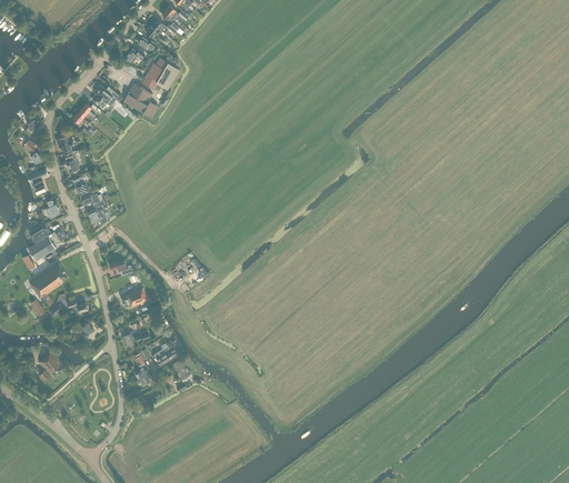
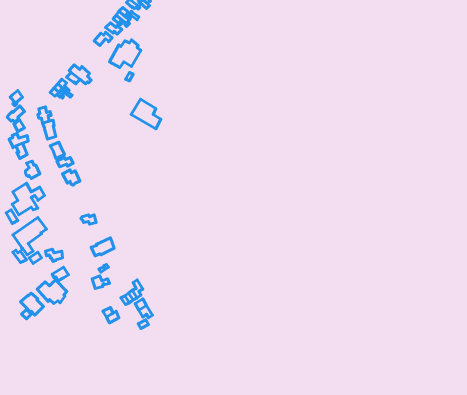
building: [123,82,158,117] -> [131,99,161,129]
building: none -> [37,280,67,303]

